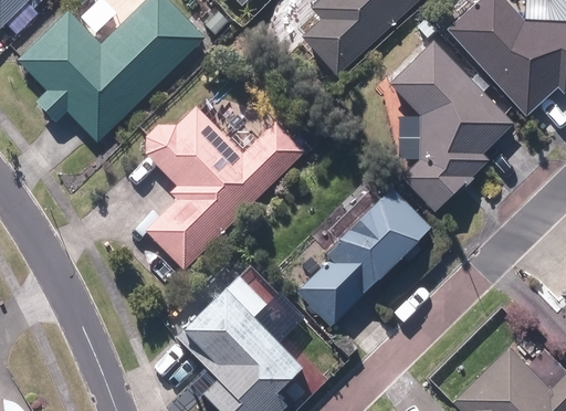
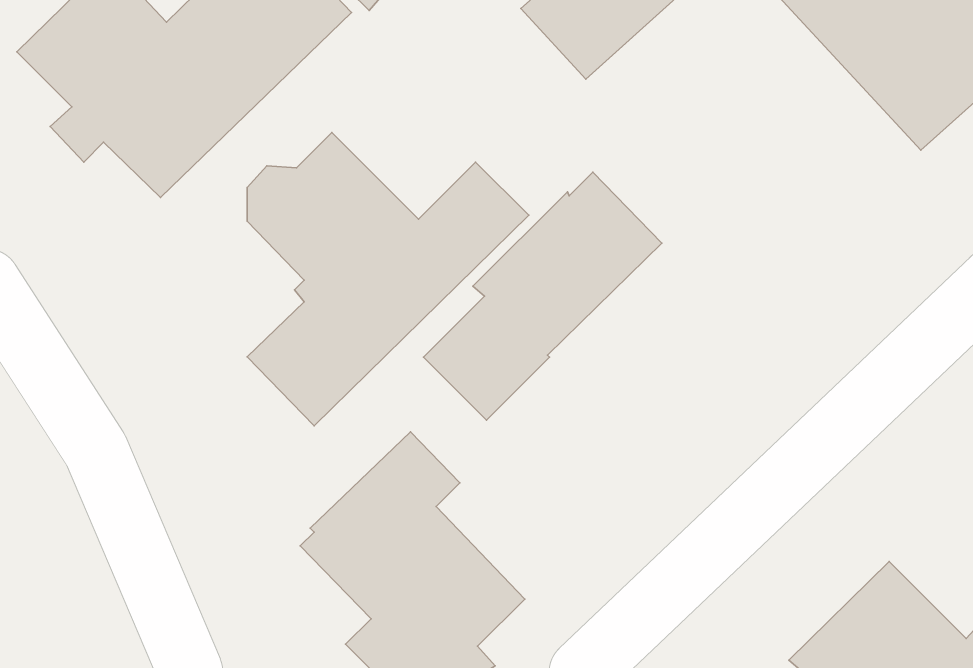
building: [392,41,514,211] -> none
building: [297,187,431,326] -> [424,172,662,420]

